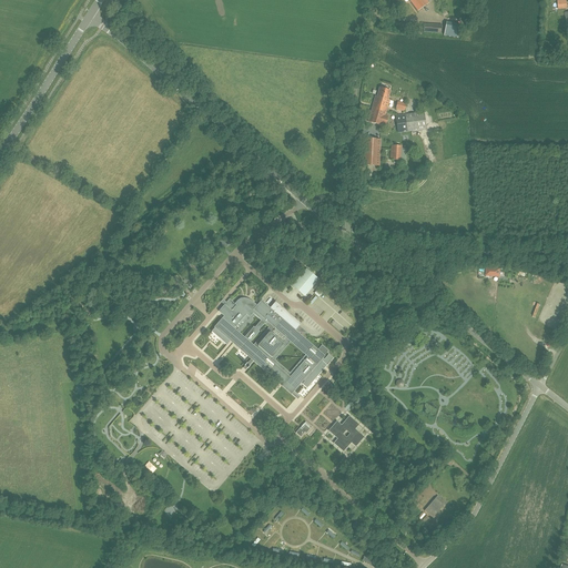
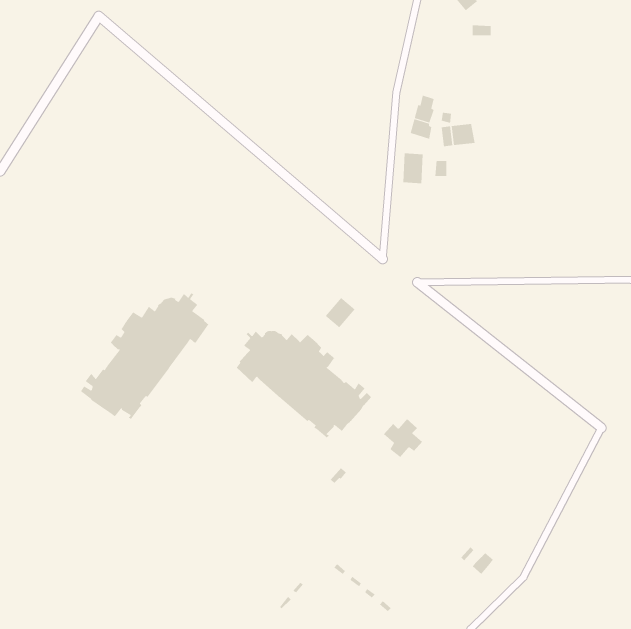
building: none -> [80,292,209,424]
building: [328,415,364,450] -> [383,418,423,458]

